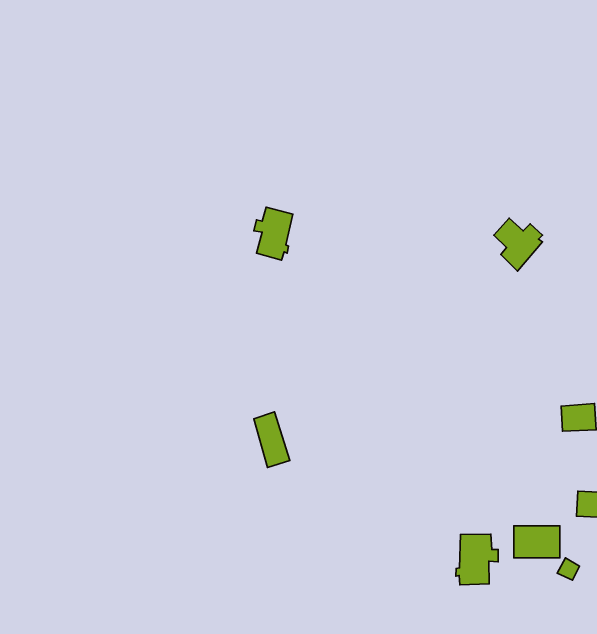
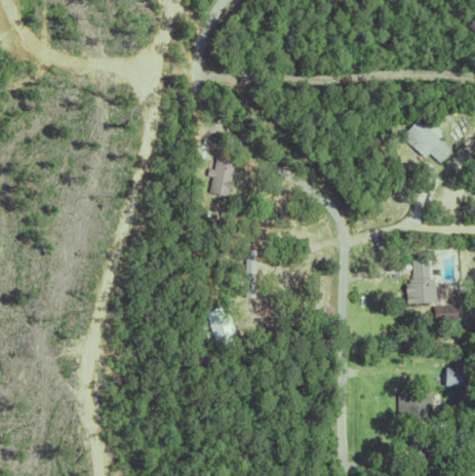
building: [494,218,543,271] -> [407,119,443,158]
building: none -> [406,260,437,305]
building: [456,534,498,585] -> none

